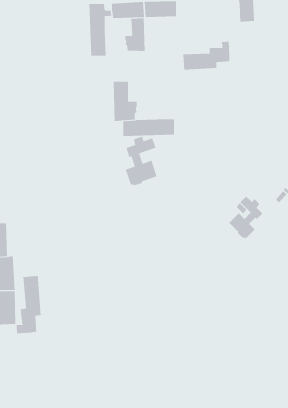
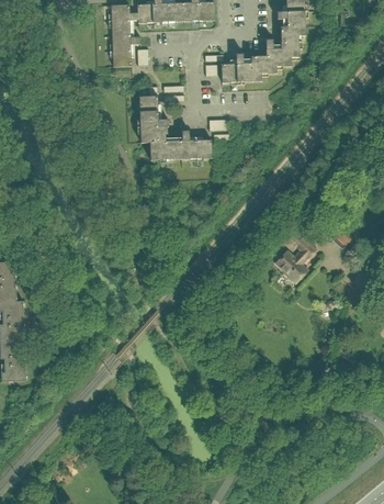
building: [125,18,145,52] -> none
building: none -> [275,25,306,66]
building: [125,136,157,186] -> none
building: [16,275,41,334] -> none

